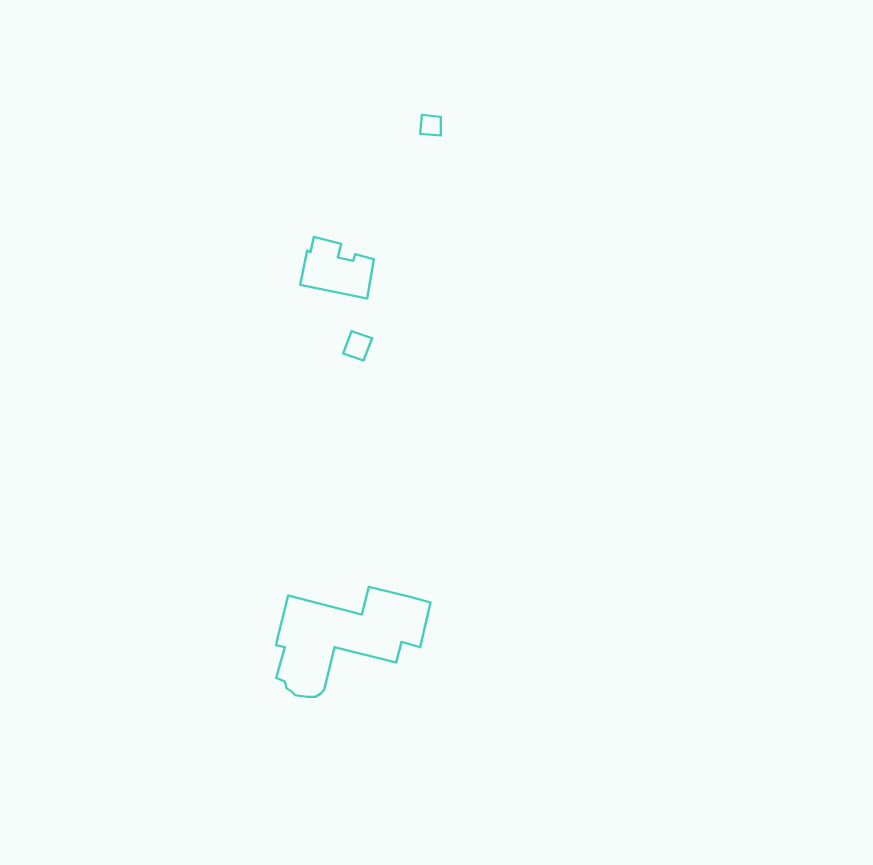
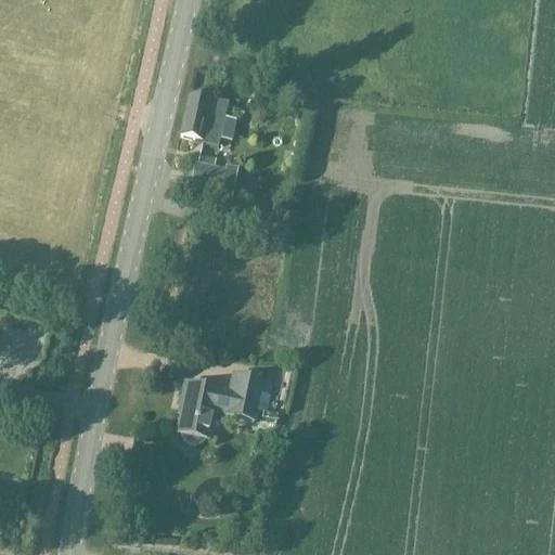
building: none -> [181,90,237,138]

